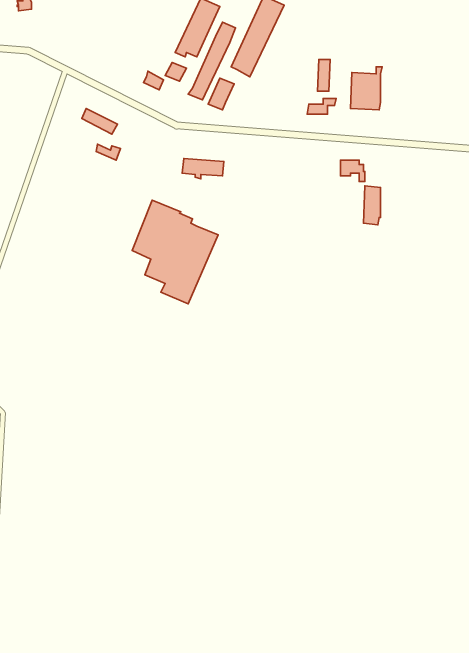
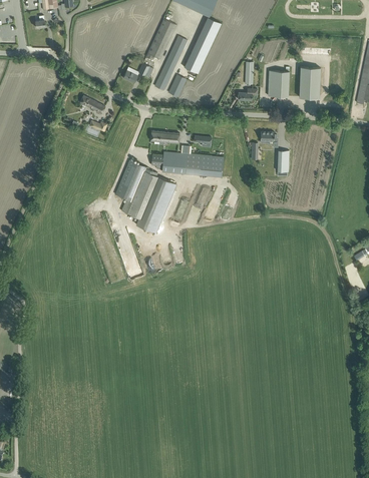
building: none -> [299,66,321,97]
building: none -> [151,151,224,176]

